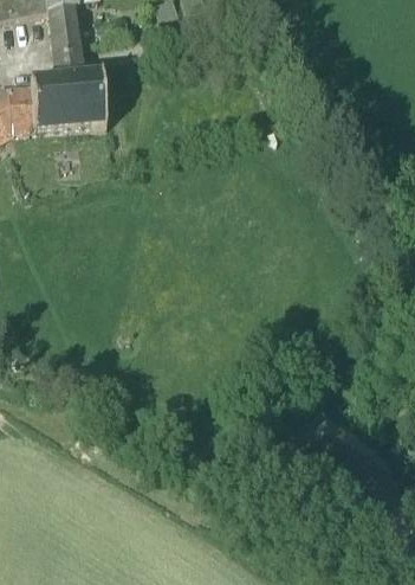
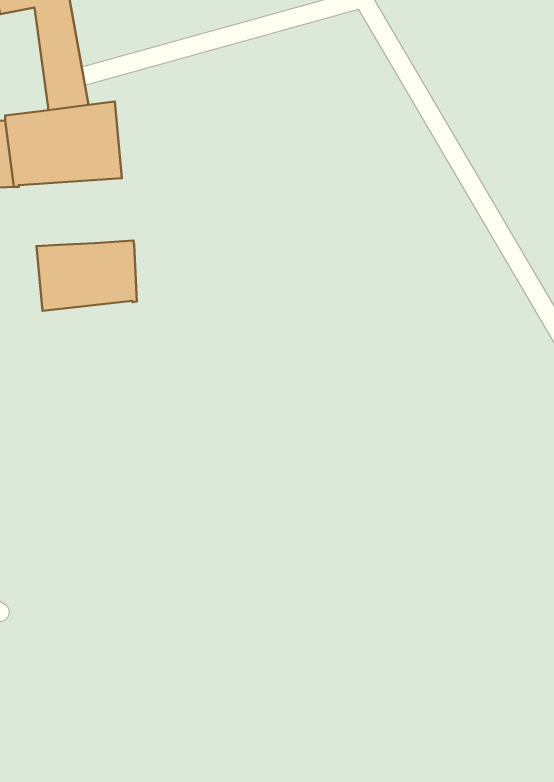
building: none -> [37,241,137,311]

